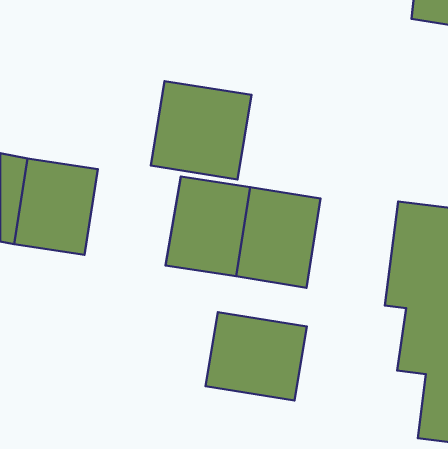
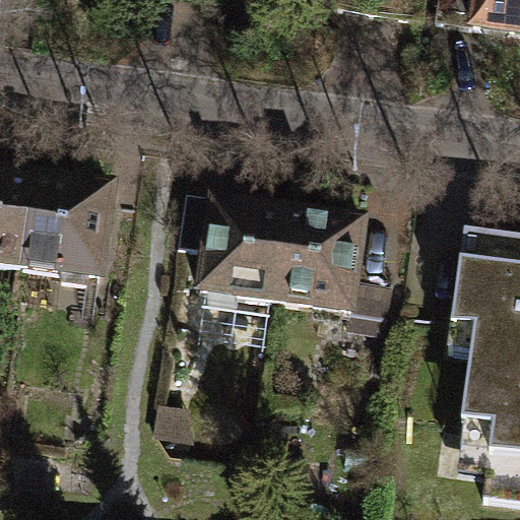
building: [151,81,251,179] -> none
building: [206,312,307,401] -> none

